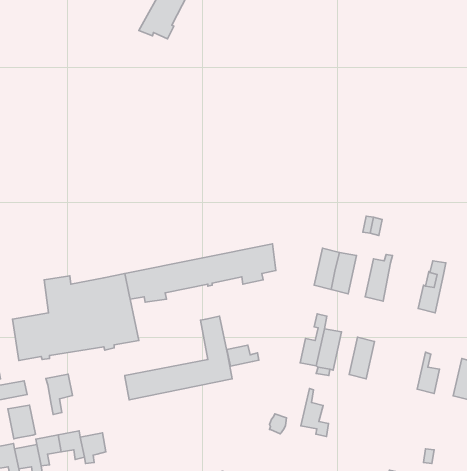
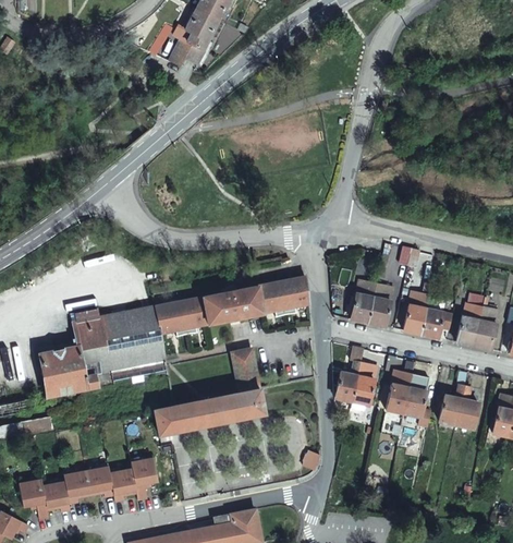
building: none -> [420,294,451,337]
building: none -> [474,306,498,350]
building: none -> [439,372,467,424]
building: [227,345,259,366] -> none
building: [46,374,72,415] -> [131,458,158,499]
building: [301,389,329,436] -> [403,375,431,424]
building: [8,405,35,439] -> none

